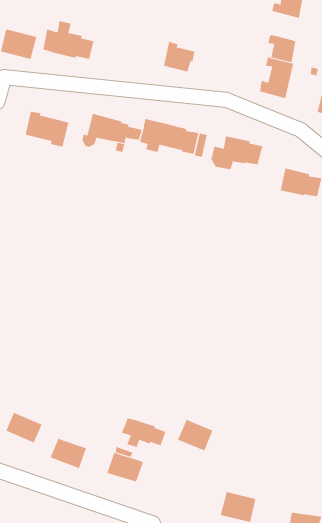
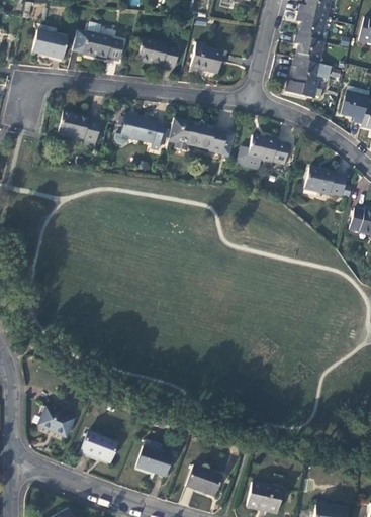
building: none -> [296,12,326,40]
building: none -> [138,37,181,67]
building: [121,417,166,448] -> none
building: [177,419,213,451] -> [187,461,222,493]

